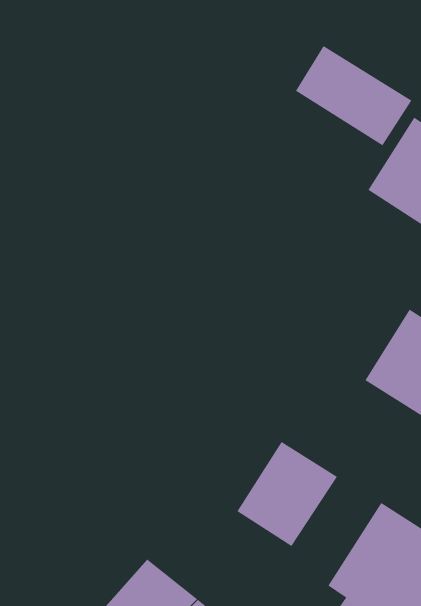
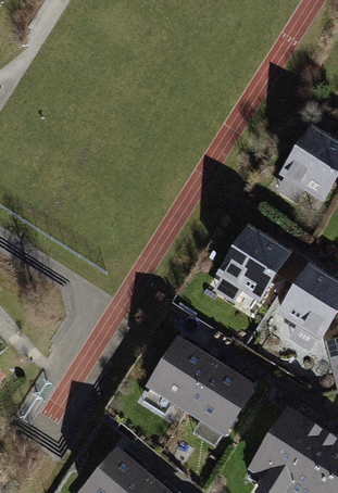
building: [295,45,412,146] -> none
building: none -> [213,225,290,303]
building: none -> [140,336,213,413]

